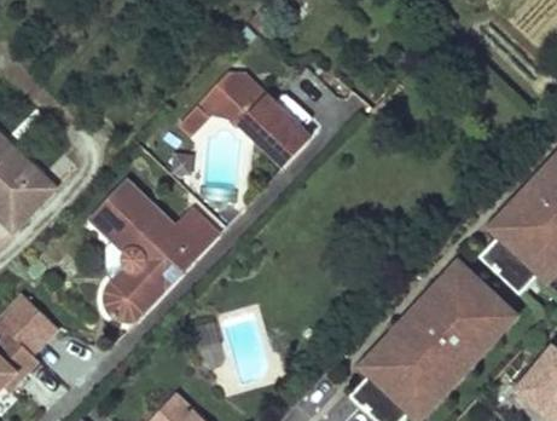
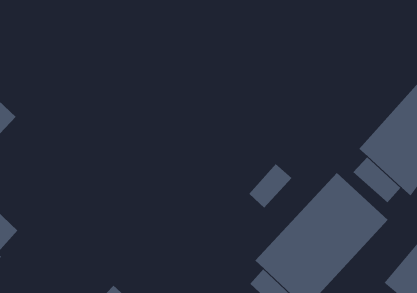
building: [179,73,309,166] -> none
building: [92,181,219,319] -> none
building: none -> [248,163,292,208]

